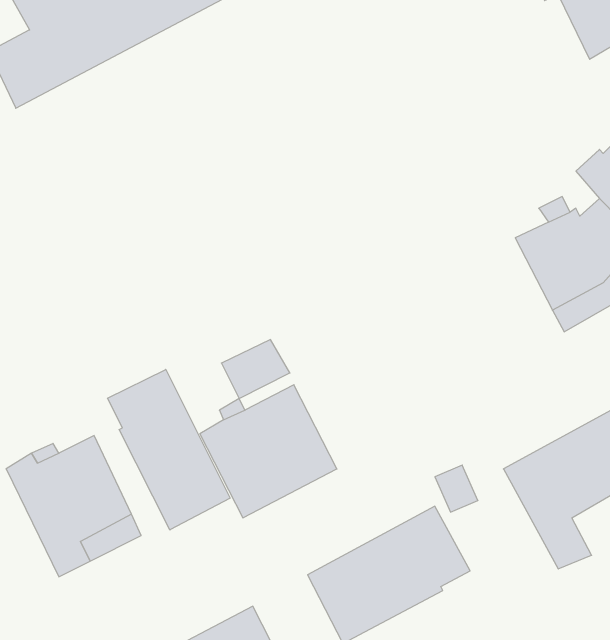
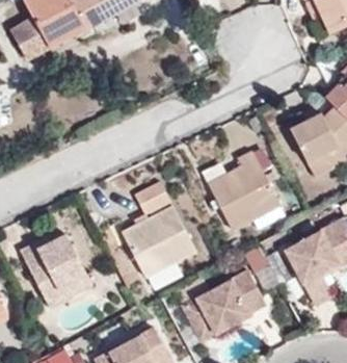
building: none -> [207,152,279,231]
building: [108,369,230,530] -> none

